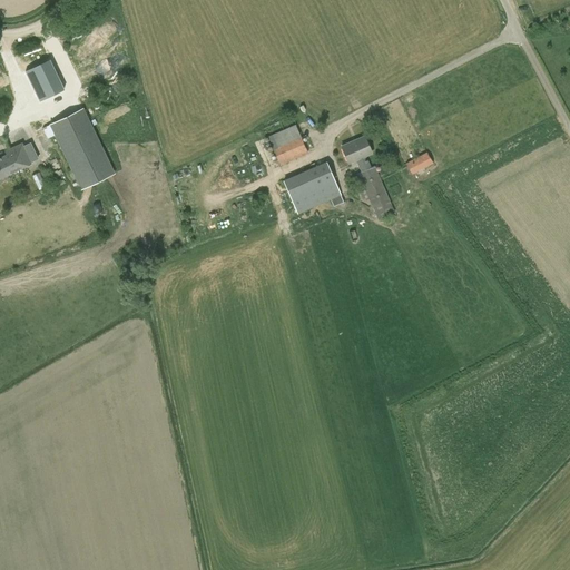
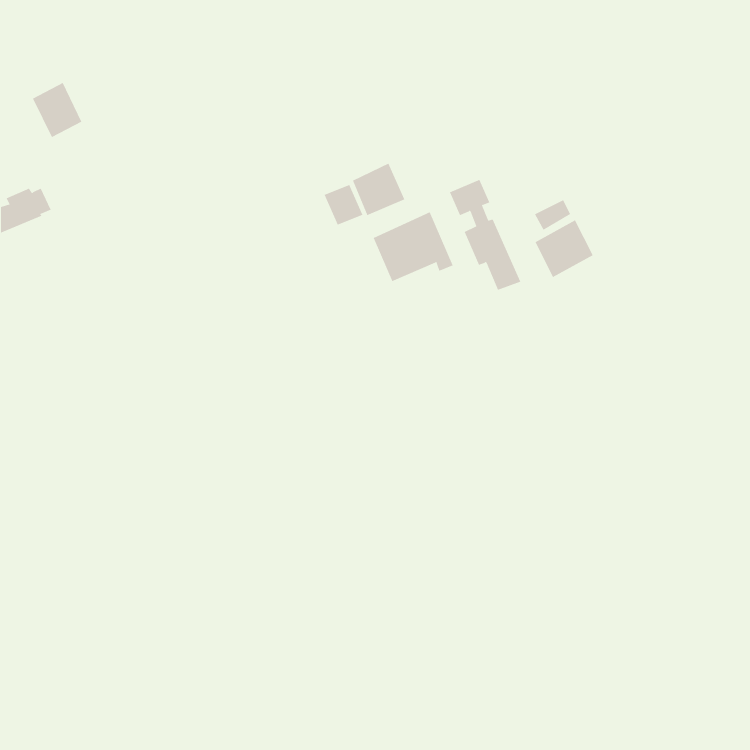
building: [49,108,115,190] -> none
building: none -> [324,184,363,225]
building: none -> [535,220,594,278]

